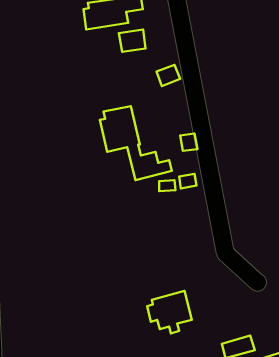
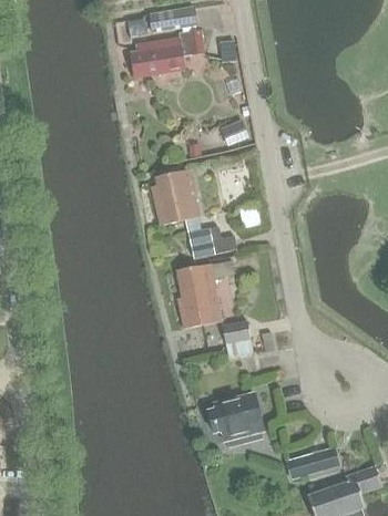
building: [119,29,146,52] -> none
building: none -> [176,262,222,327]
building: none -> [223,321,249,354]

